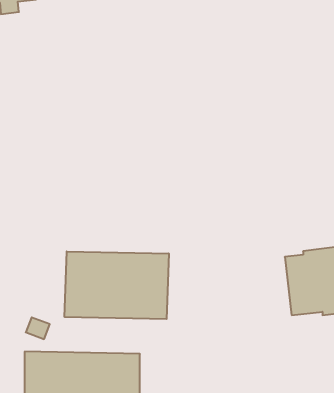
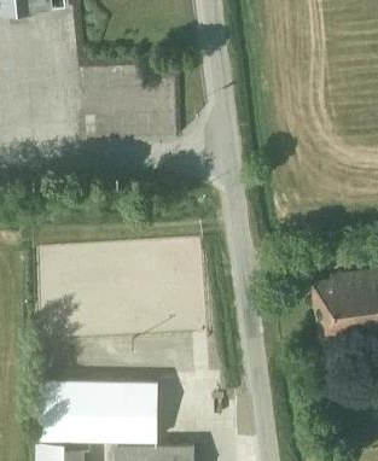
building: [65,251,169,319] -> none

